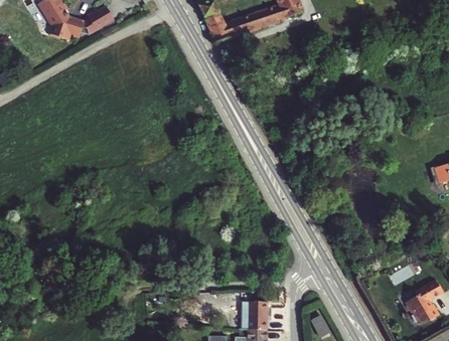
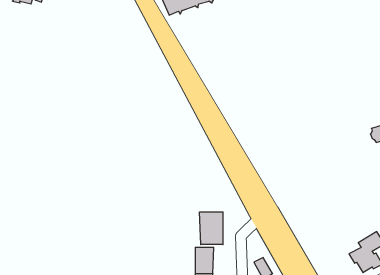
building: none -> [200,212,223,245]

